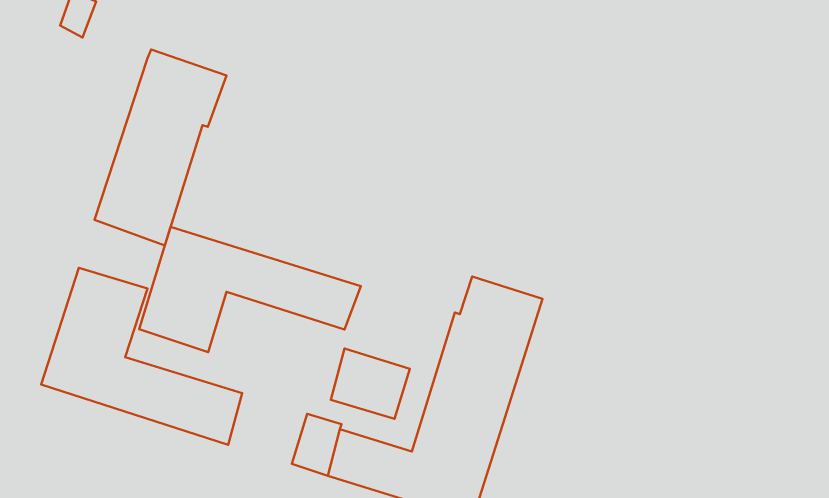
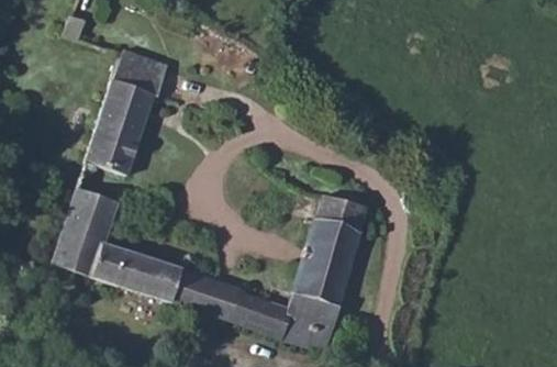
building: [139,227,361,352] -> none
building: [331,348,410,419] -> [170,269,221,314]

